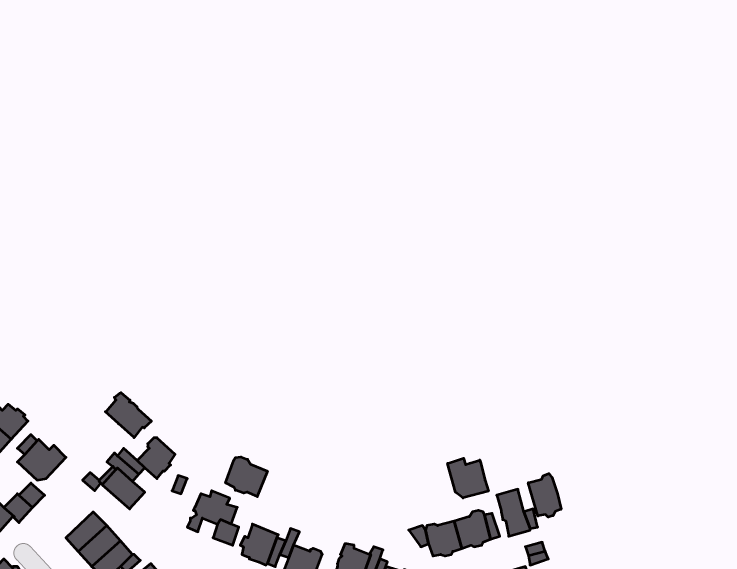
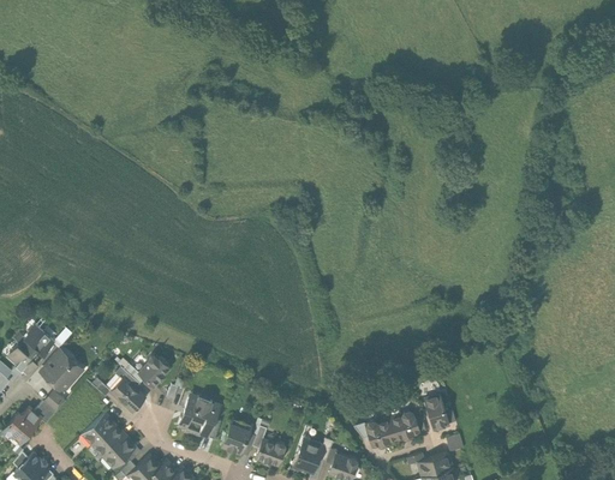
building: [105,393,151,438] -> none
building: [226,457,267,497] -> none
building: [448,458,488,498] -> none
building: [528,474,561,517] -> none

